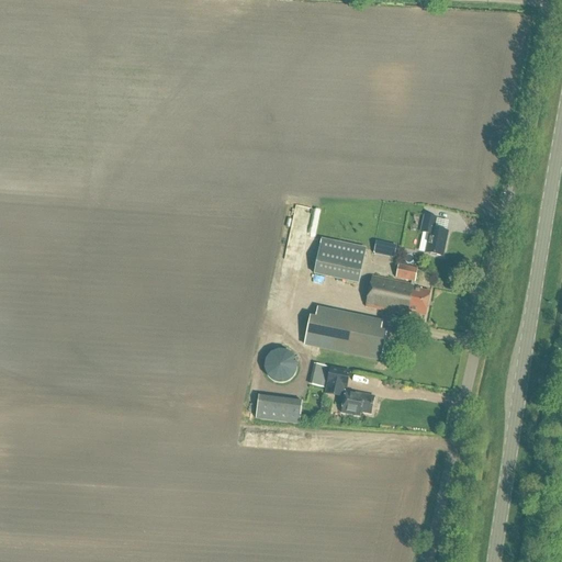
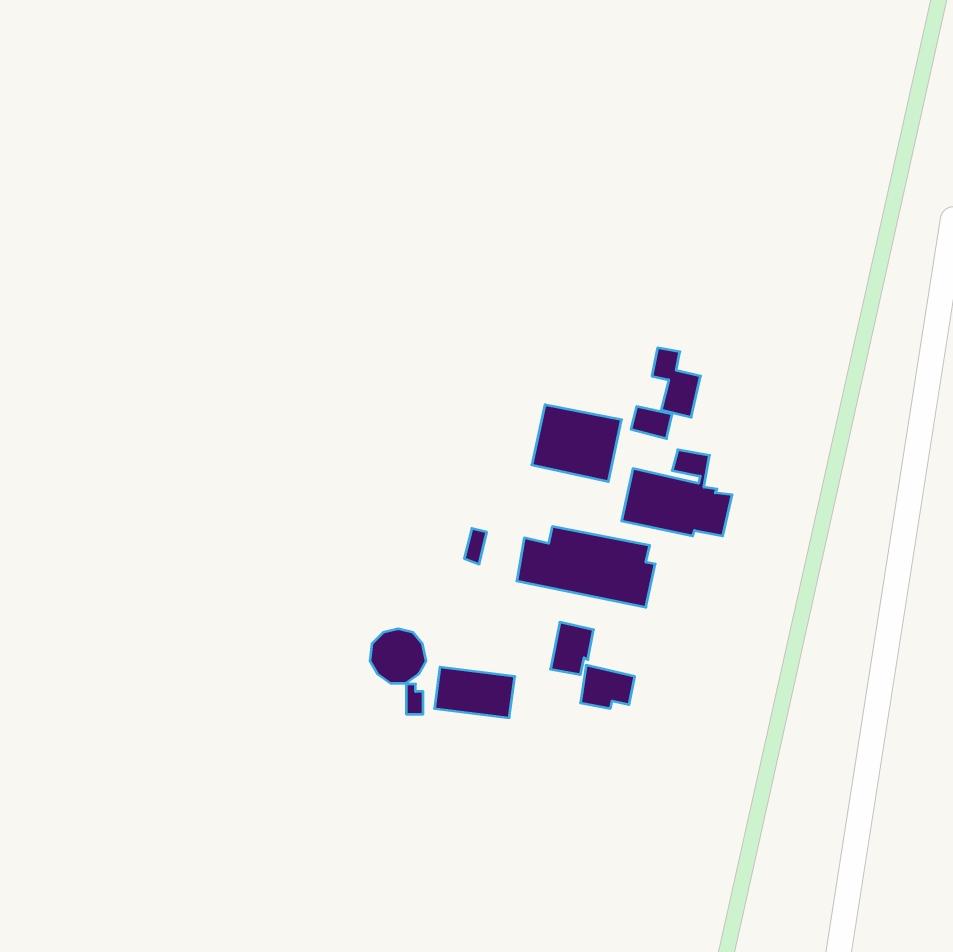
building: [418,214,447,255] -> [652,348,701,417]
building: [262,349,295,381] -> [370,629,426,683]

